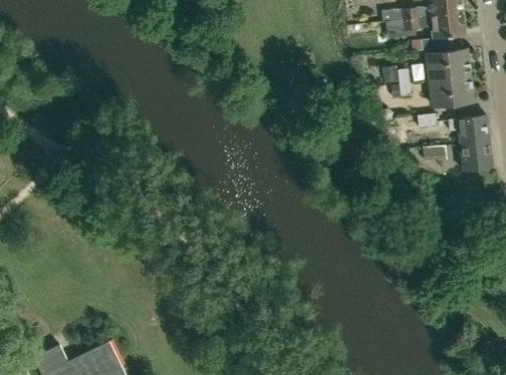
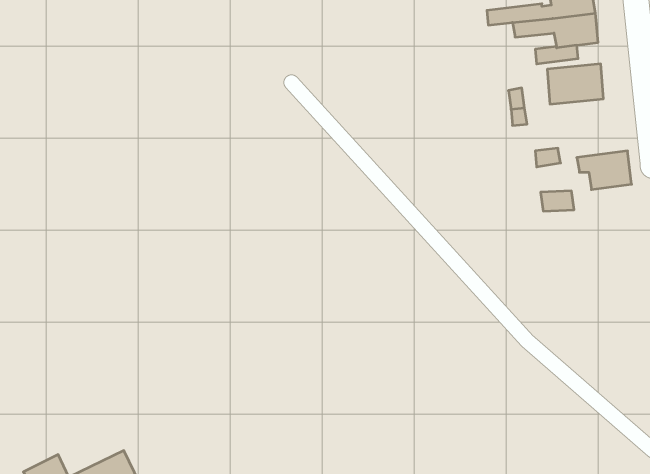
building: [428,76,471,106] -> none
building: [459,140,492,170] -> none

